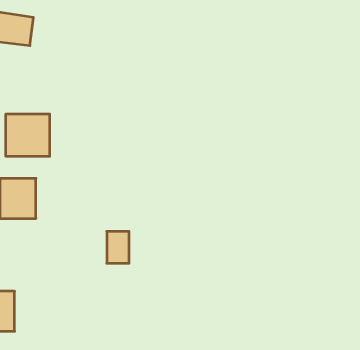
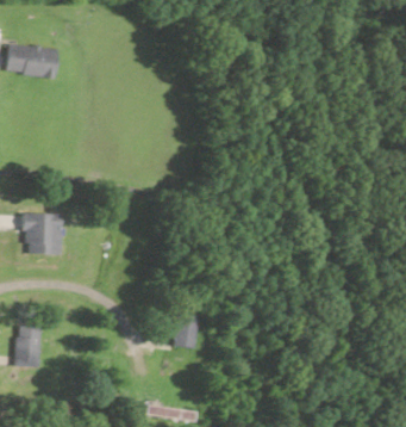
building: [6,114,50,156] -> none
building: [107,231,129,263] -> [175,315,198,347]

